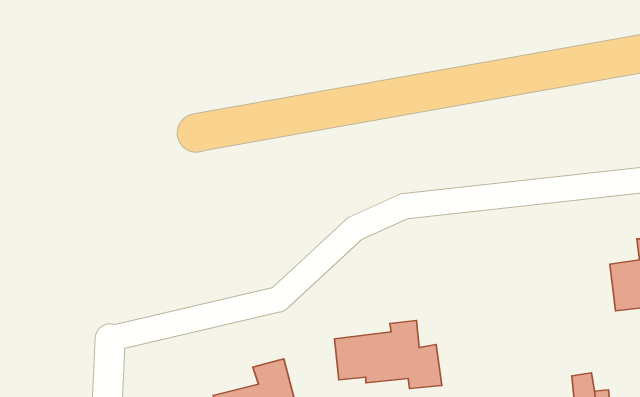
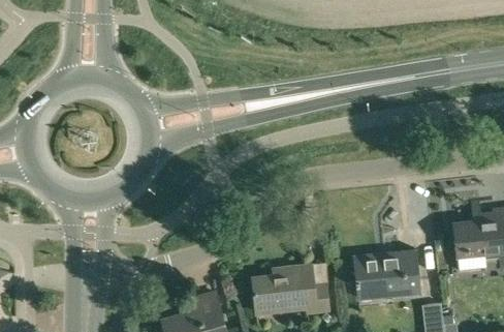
building: none -> [354,248,421,298]

